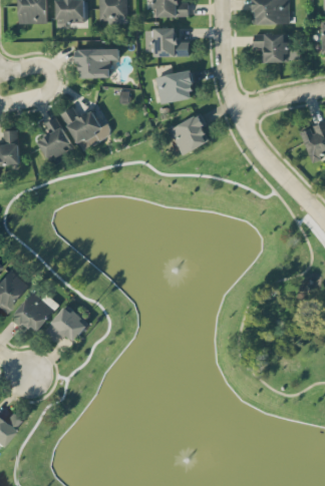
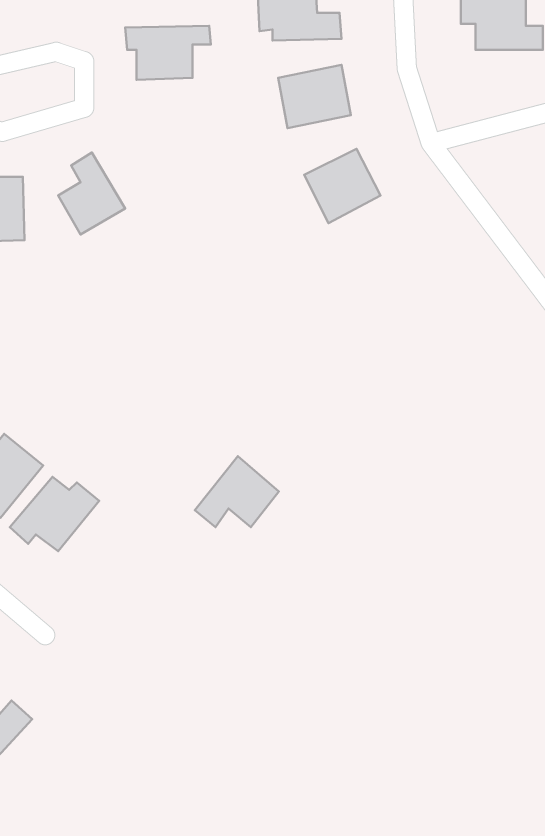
building: [62,107,113,151] -> none
building: [45,305,90,343] -> [195,456,279,527]

